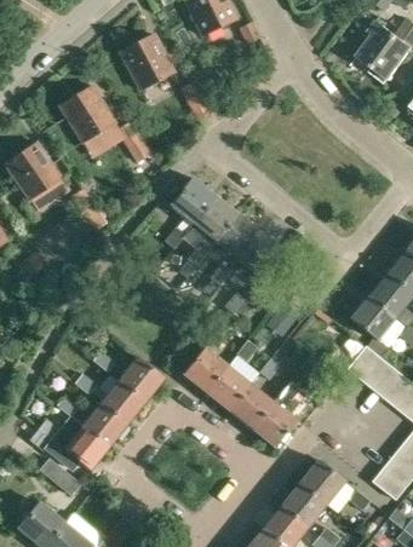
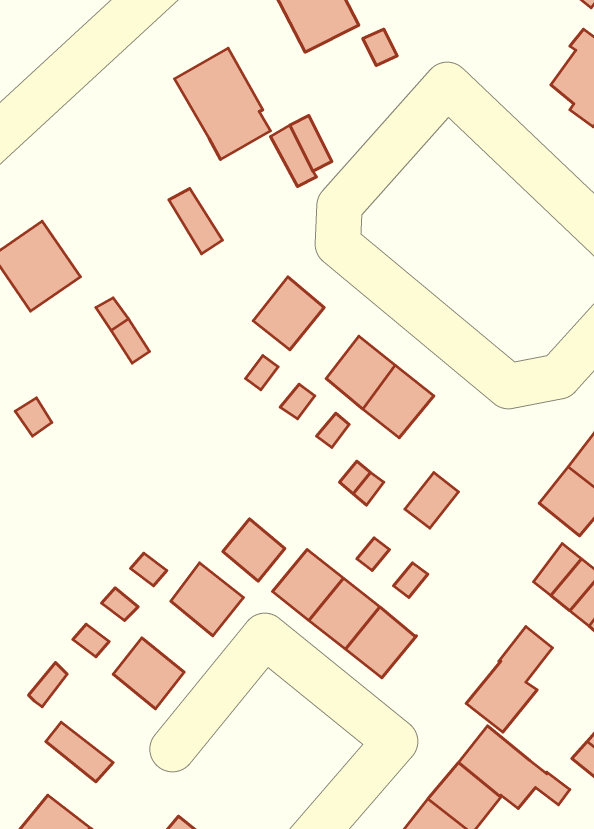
building: [59,85,114,142] -> none
building: [193,196,236,241] -> none
building: none -> [223,519,285,581]
building: [99,381,144,426] -> none
building: [251,381,305,448] -> [466,627,553,732]
building: [63,427,108,471] -> none

